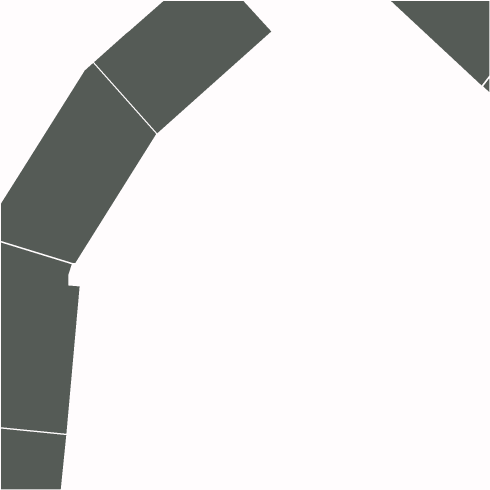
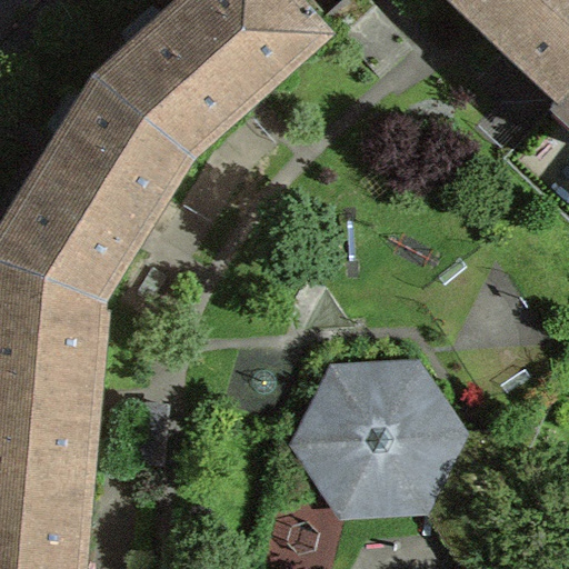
building: none -> [296,375,533,513]

